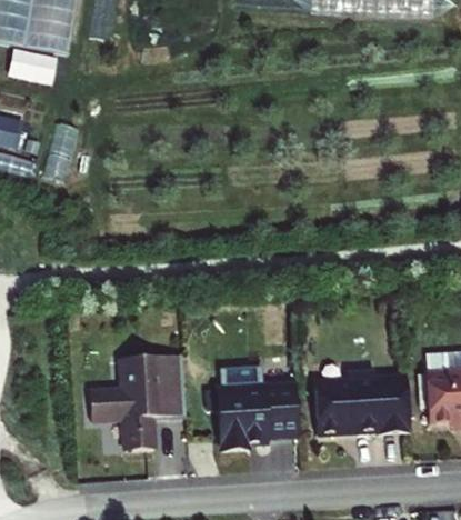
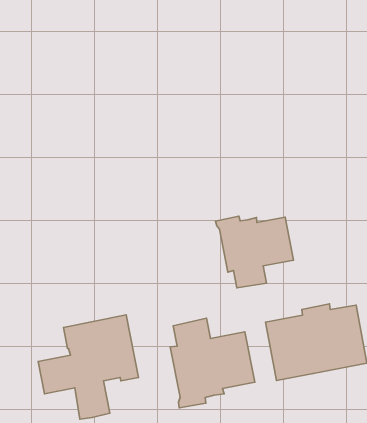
building: none -> [215,216,293,288]

